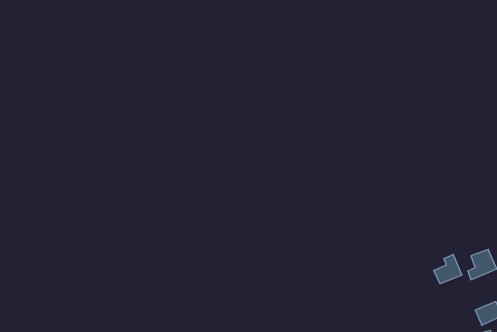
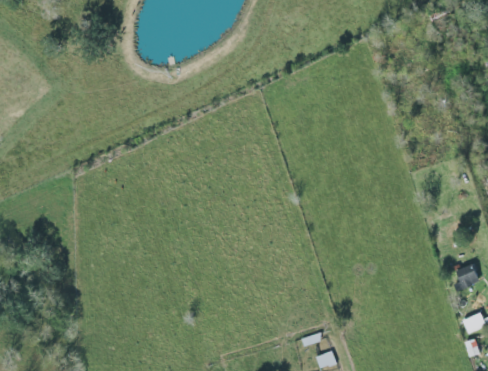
building: [434,254,462,284] -> none

